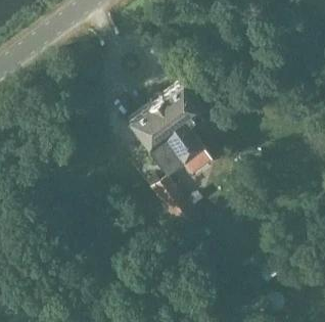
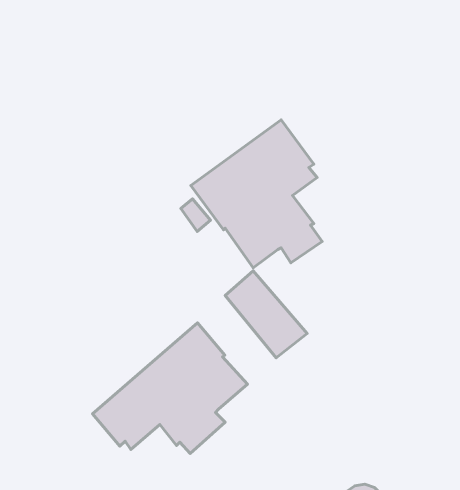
building: none -> [92,323,247,454]

